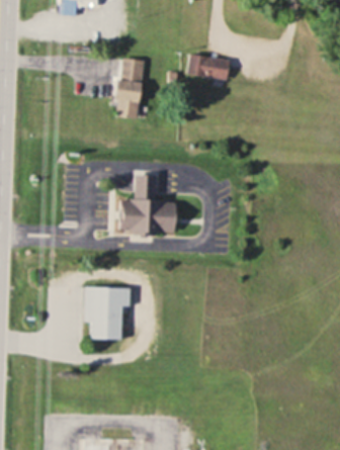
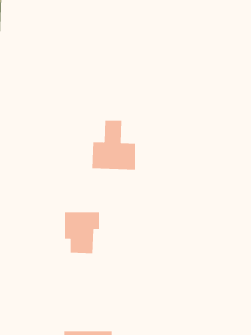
building: [186,55,230,81] -> none
building: [113,58,145,119] -> none

